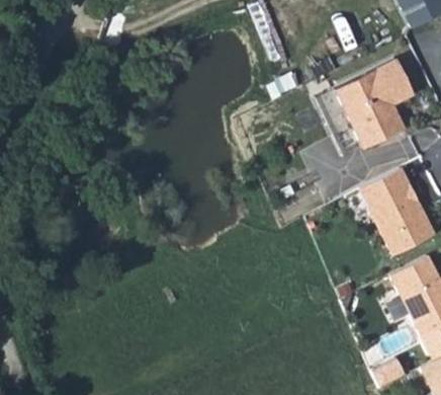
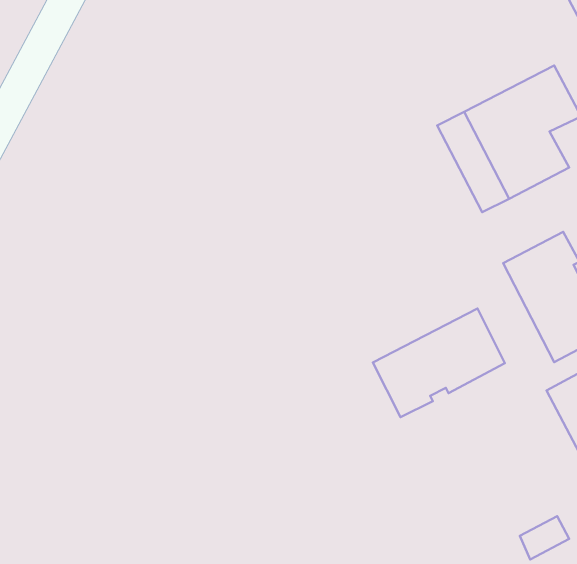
building: none -> [373,309,505,417]

